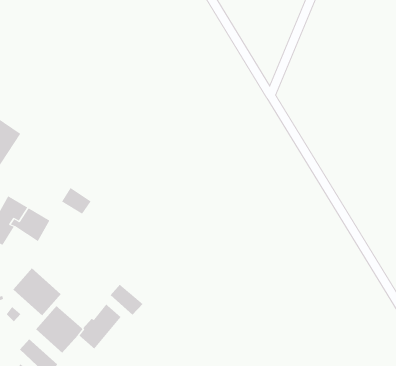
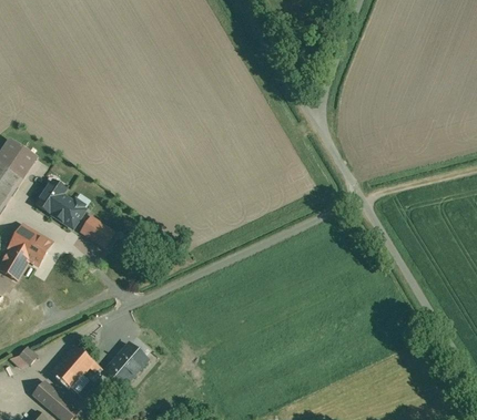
building: none -> [31,173,91,227]
building: [13,268,62,316] -> none
building: [110,284,143,316] -> none

